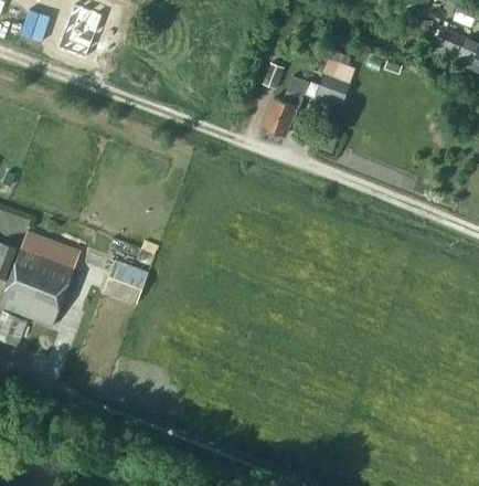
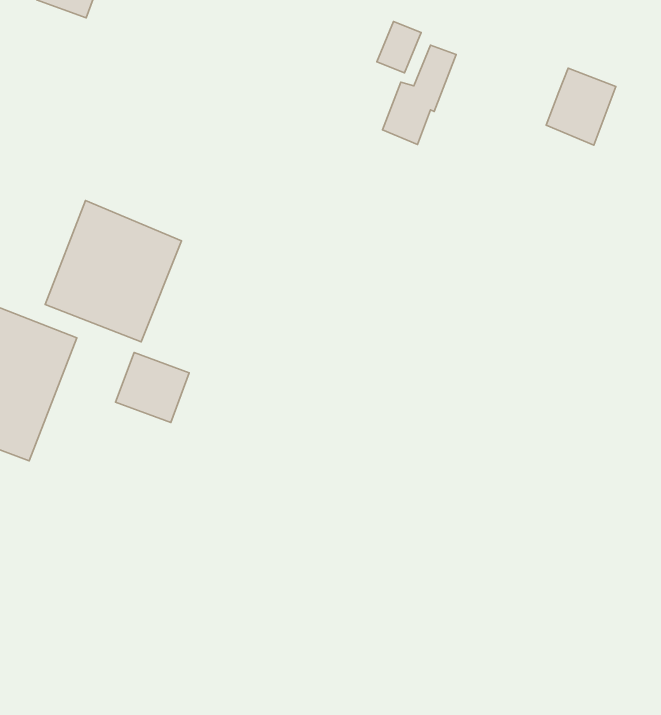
building: [316,57,358,104] -> [546,68,616,145]
building: none -> [45,201,181,342]

